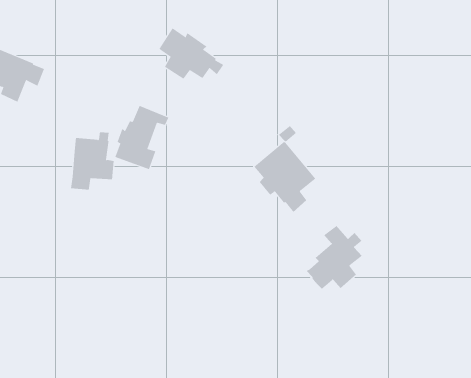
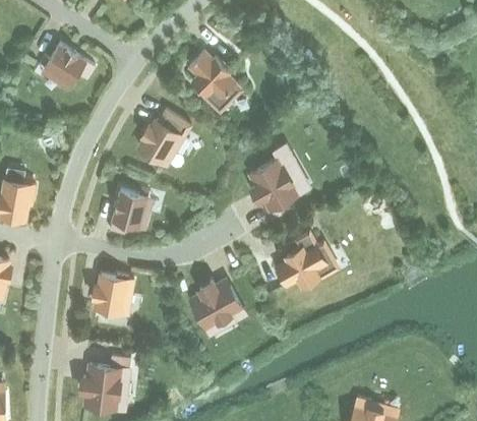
building: [70,132,114,190] -> [109,188,148,234]
building: none -> [190,279,246,328]
building: none -> [94,275,133,317]

